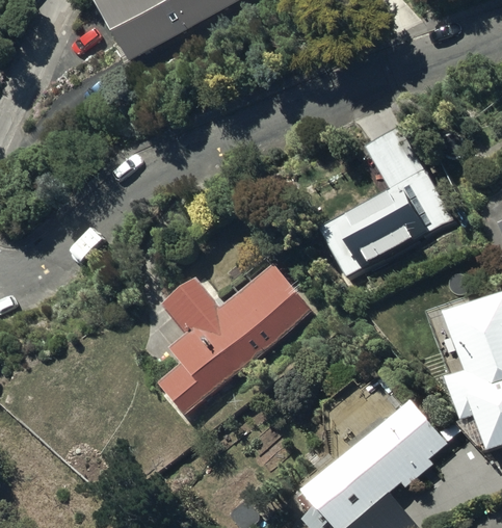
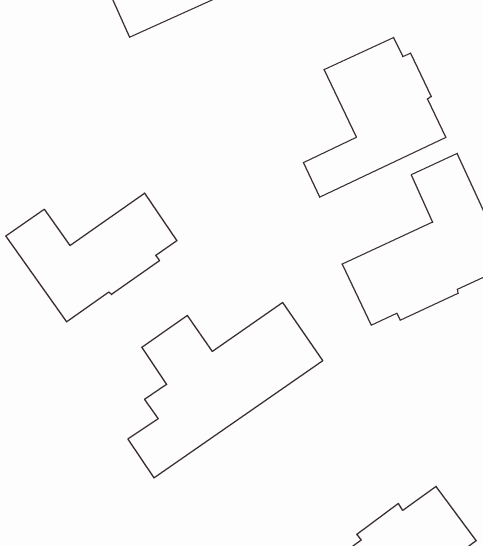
building: none -> [304,37,446,197]
building: none -> [6,193,177,322]

